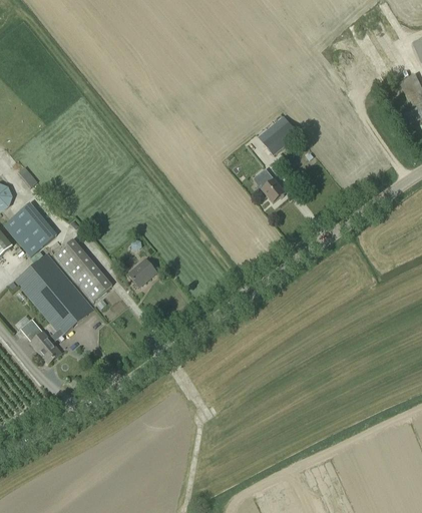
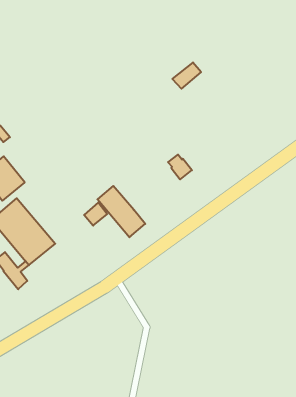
building: [262,122,297,154] -> [172,62,201,89]
building: [256,172,285,202] -> [168,155,192,179]
building: [53,237,111,300] -> [97,186,145,237]

